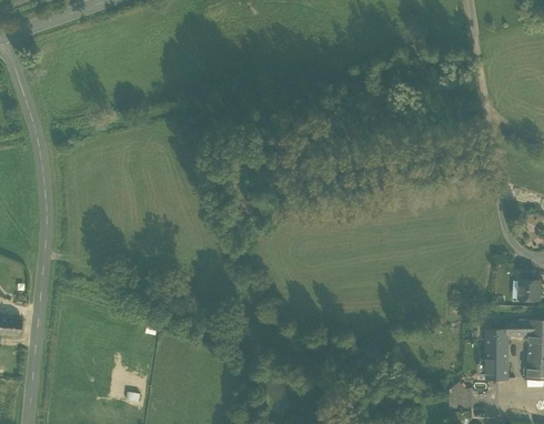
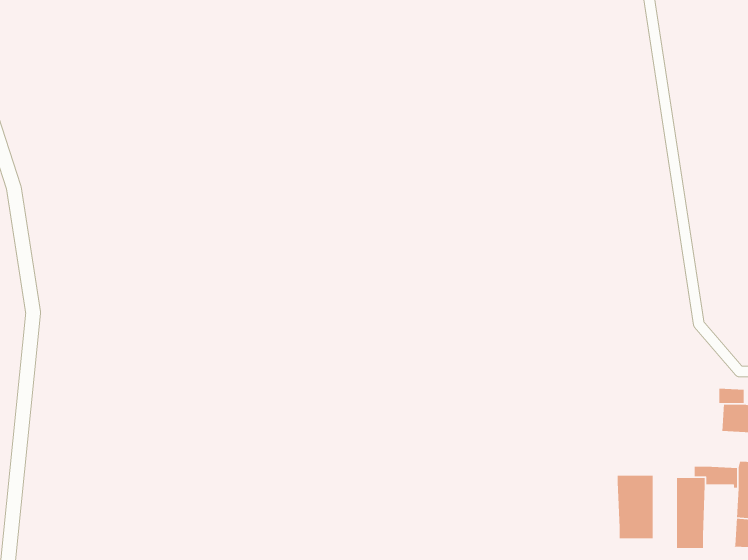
building: none -> [617,475,653,539]

